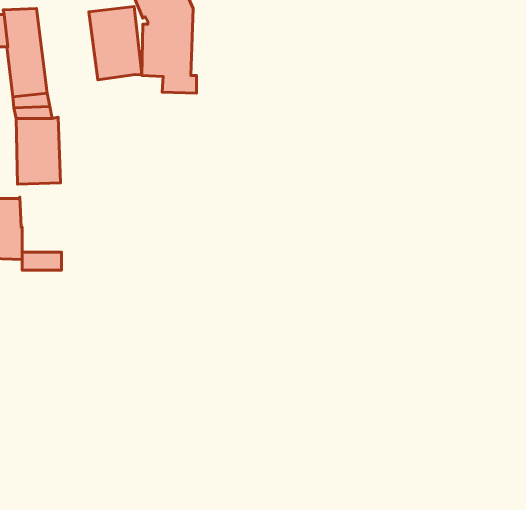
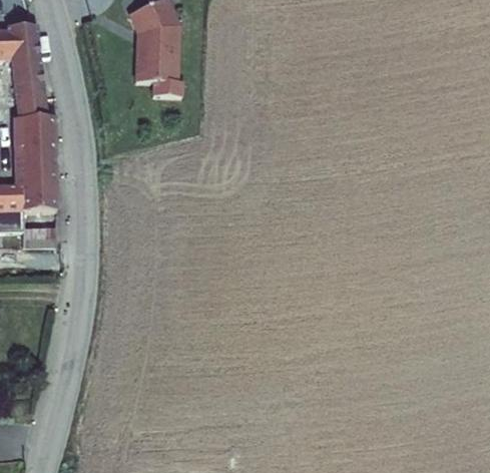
building: [89,7,142,80] -> none
building: none -> [20,169,57,207]

